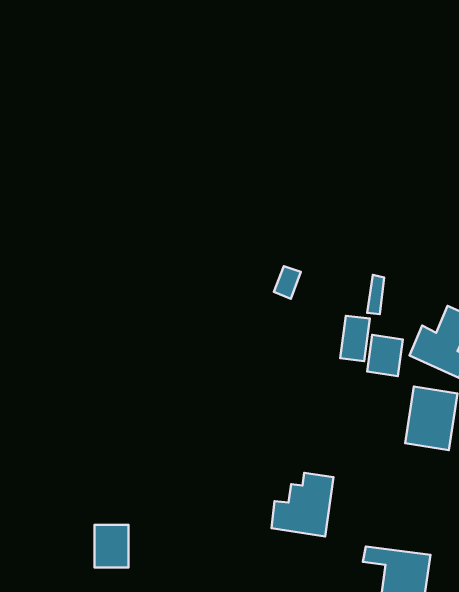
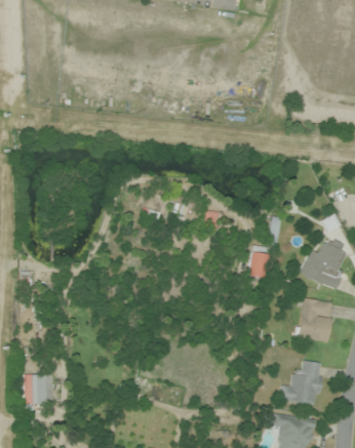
building: [367,335,403,376] -> none
building: [272,473,334,537] -> [280,360,325,406]
building: [95,525,128,567] -> [22,373,46,404]

